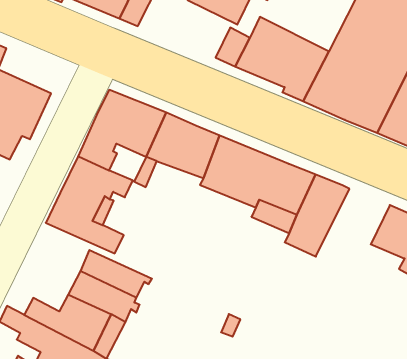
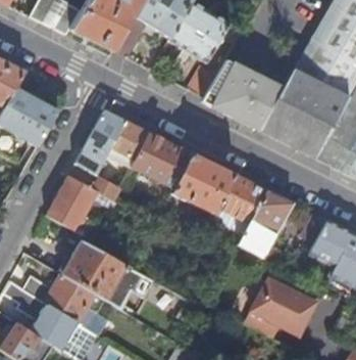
building: none -> [242,275,315,334]

